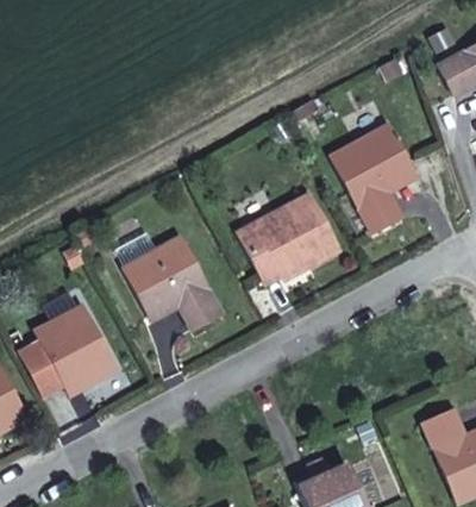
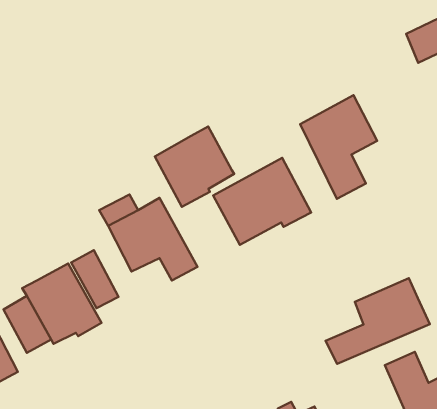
building: none -> [155,126,234,207]
building: none -> [71,250,119,308]
building: none -> [326,278,430,364]

